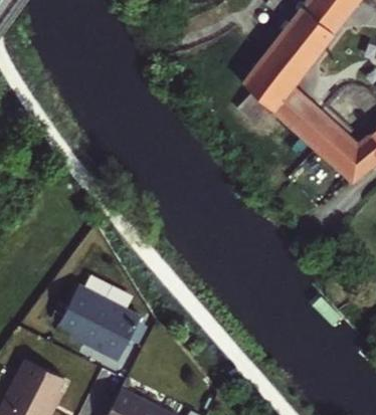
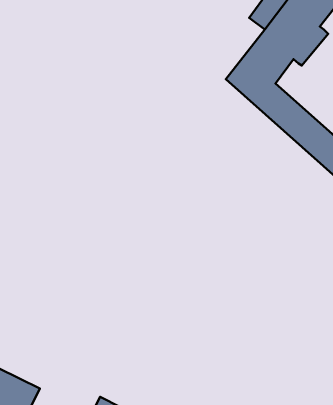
building: [62,284,144,360] -> none

